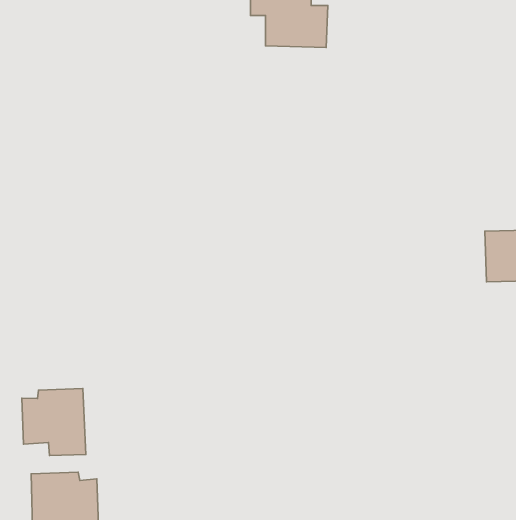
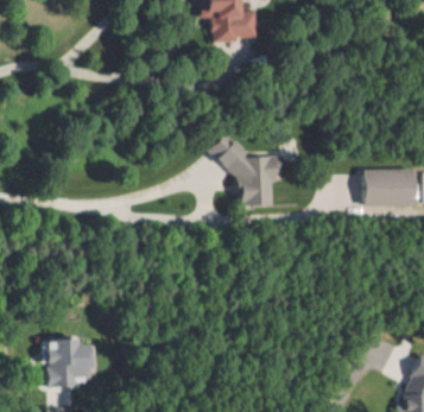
building: none -> [223,137,280,205]
building: [22,389,86,456] -> none

